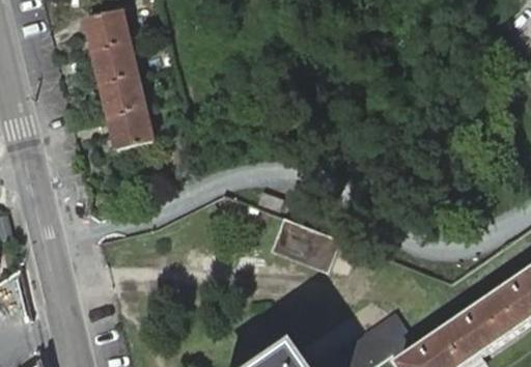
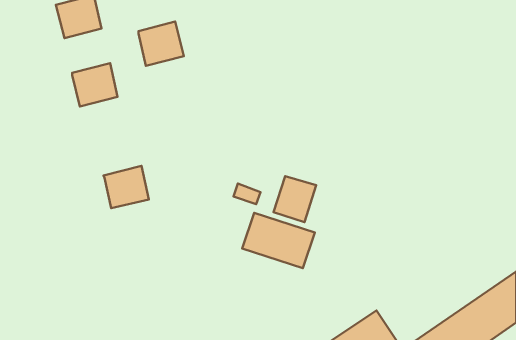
building: [92,40,136,83] -> [138,22,184,66]
building: [107,106,150,146] -> [103,166,149,208]
building: none -> [274,176,316,222]

